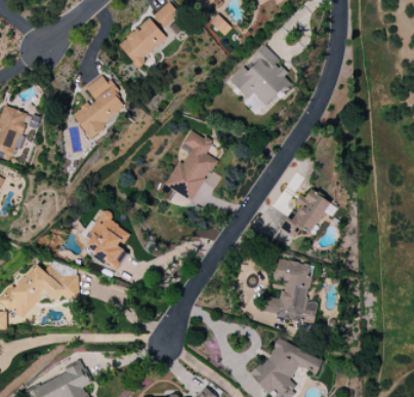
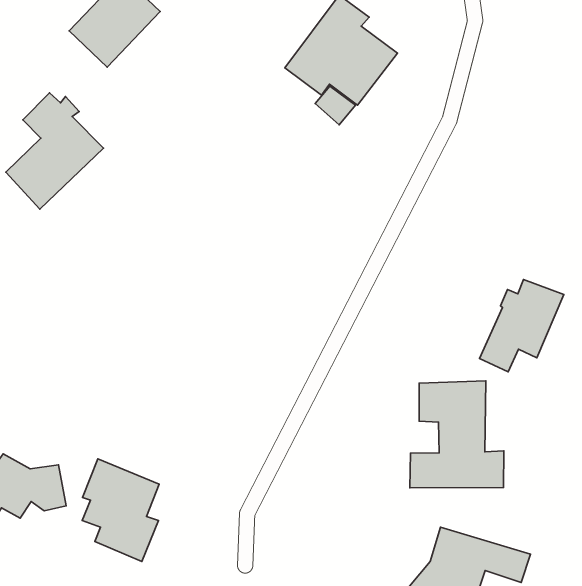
building: [164,129,215,201] -> none
building: [280,190,330,238] -> [480,279,564,372]
building: [87,212,131,271] -> [82,459,159,561]

